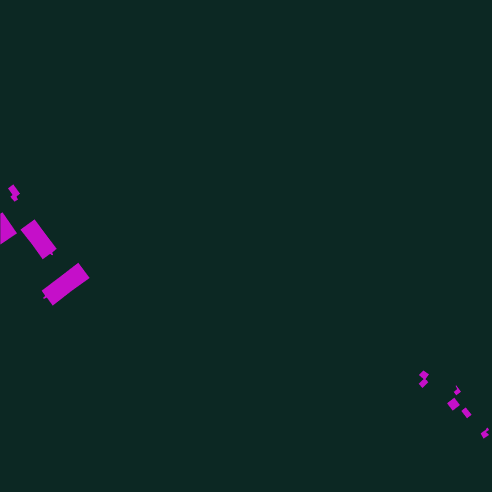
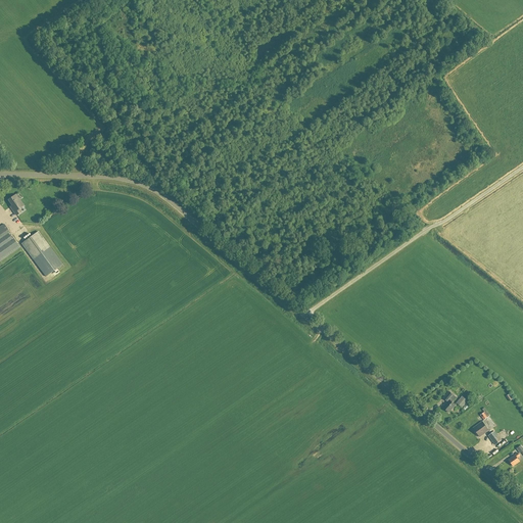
building: [40,262,91,307] -> none

